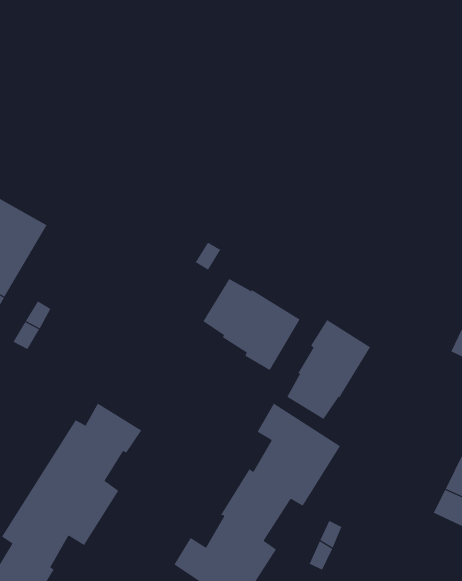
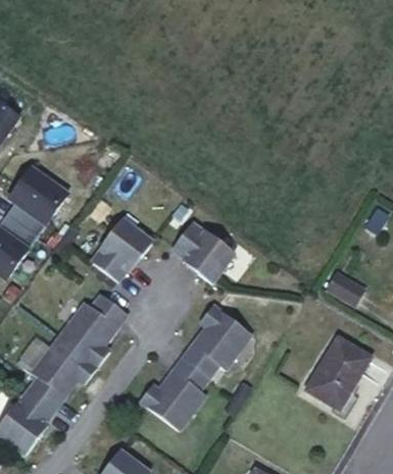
building: none -> [92,220,152,282]
building: [286,319,371,420] -> none

